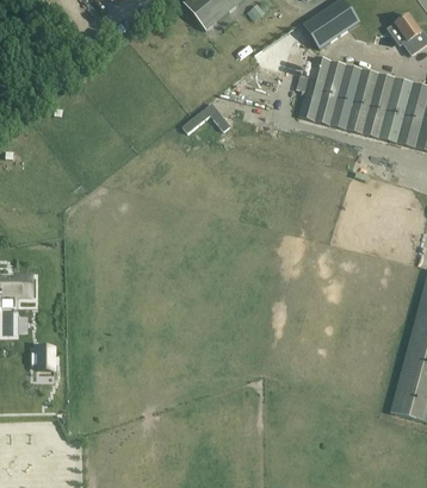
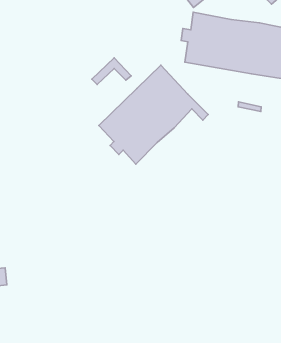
building: none -> [99,65,208,164]

